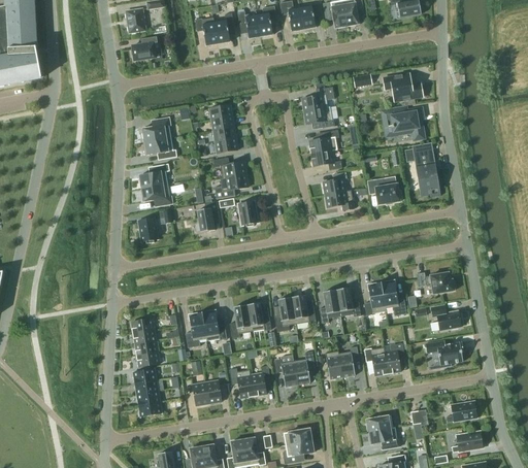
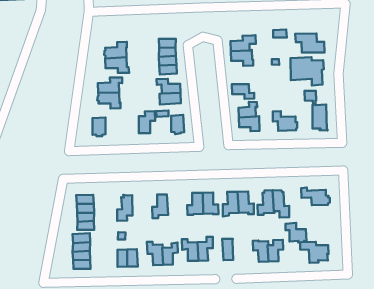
building: [308,129,339,153] -> none
building: [246,301,271,330] -> none
building: [431,304,461,329] -> [285,223,307,243]
building: [202,309,227,340] -> none
building: [338,345,359,376] -> none

